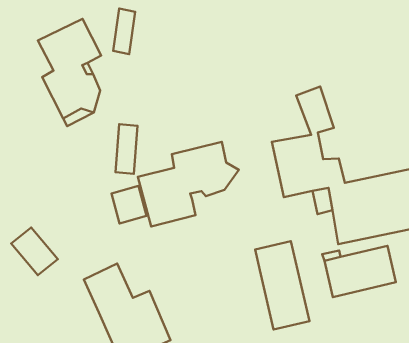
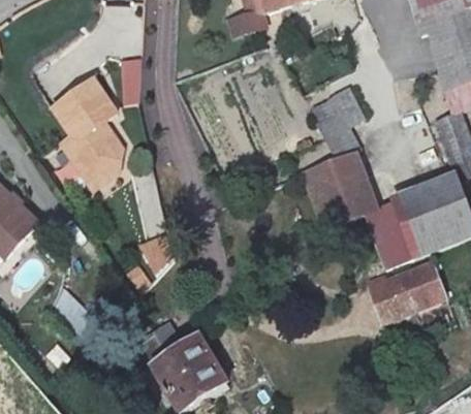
building: [138,142,239,226] -> none
building: [255,241,309,330] -> none

